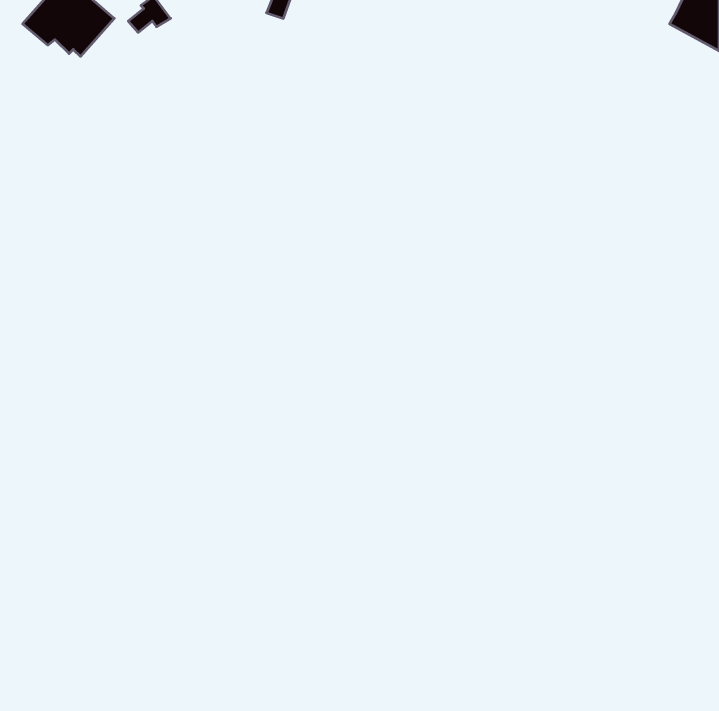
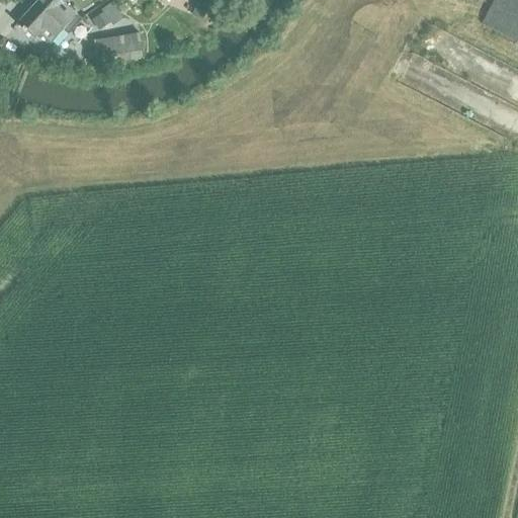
building: none -> [94,26,145,60]

